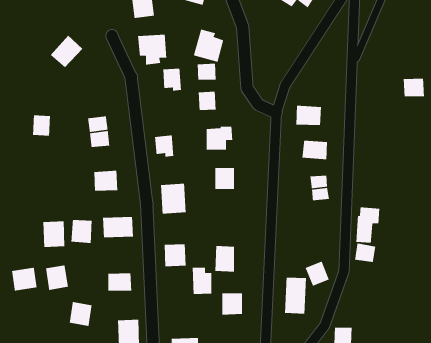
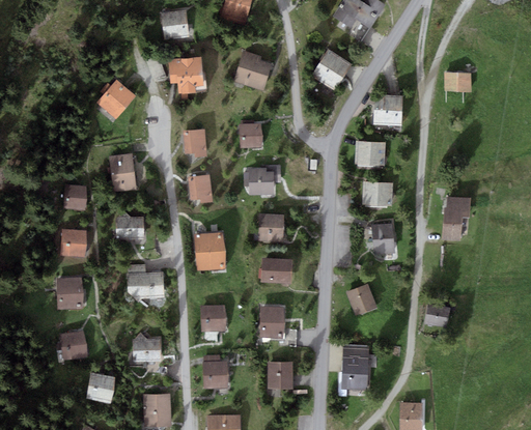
building: none -> [312,49,352,88]
building: [50,35,83,68] -> [96,79,136,118]
building: [197,63,217,81] -> none
building: none -> [373,94,403,125]
building: [163,68,182,92] -> [184,128,206,156]
building: [403,78,425,97] -> [446,73,472,95]
building: [32,115,51,137] -> [63,184,85,210]
building: none -> [260,258,292,283]
building: [356,206,380,243] -> [442,196,471,239]
building: [70,219,92,244] -> [60,228,86,257]
building: [305,260,330,287] -> [346,283,376,314]
building: [192,267,212,295] -> [203,354,227,388]
building: [11,267,38,291] -> none

